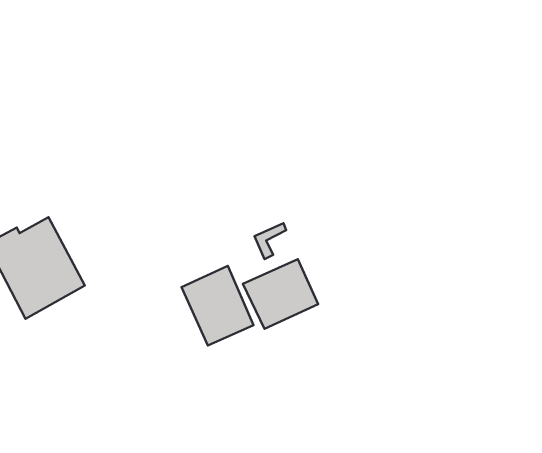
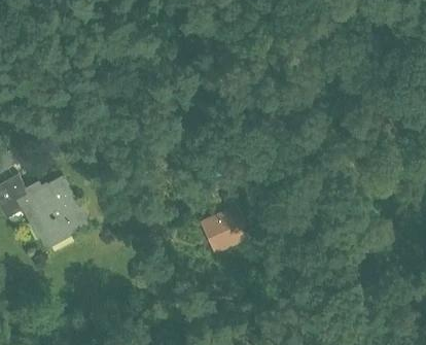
building: [182,266,254,345] -> none

